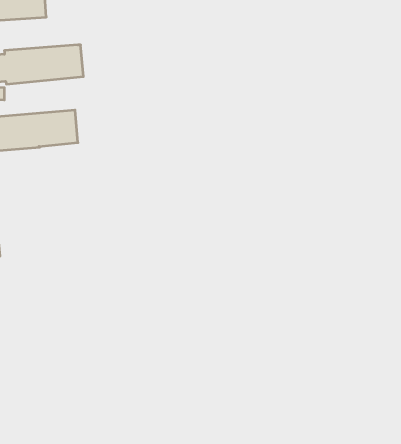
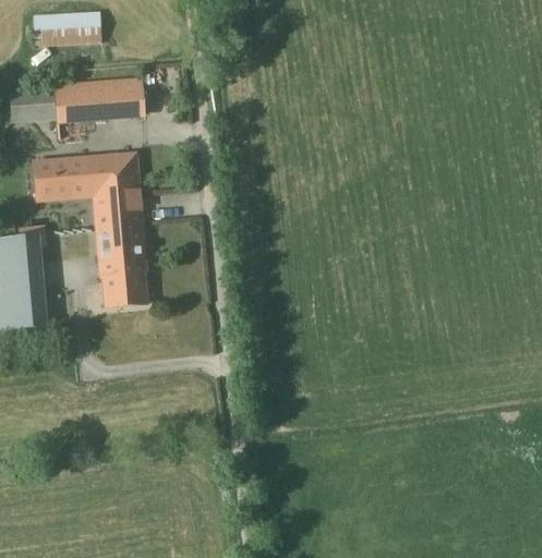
building: none -> [93,191,146,306]

